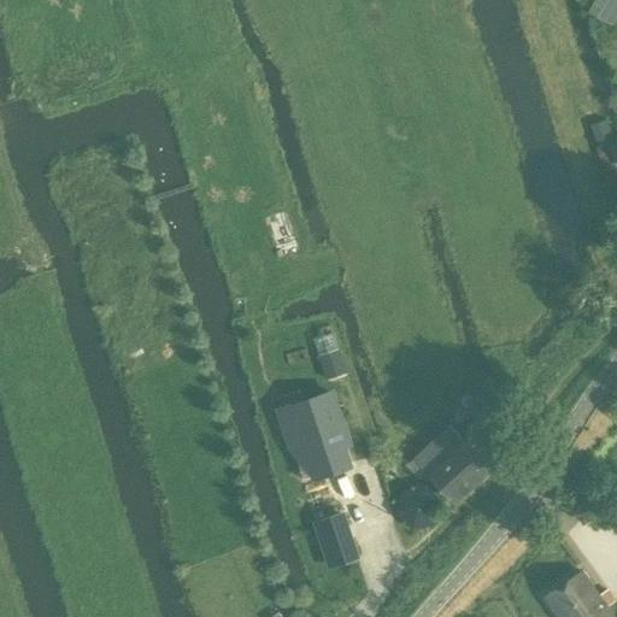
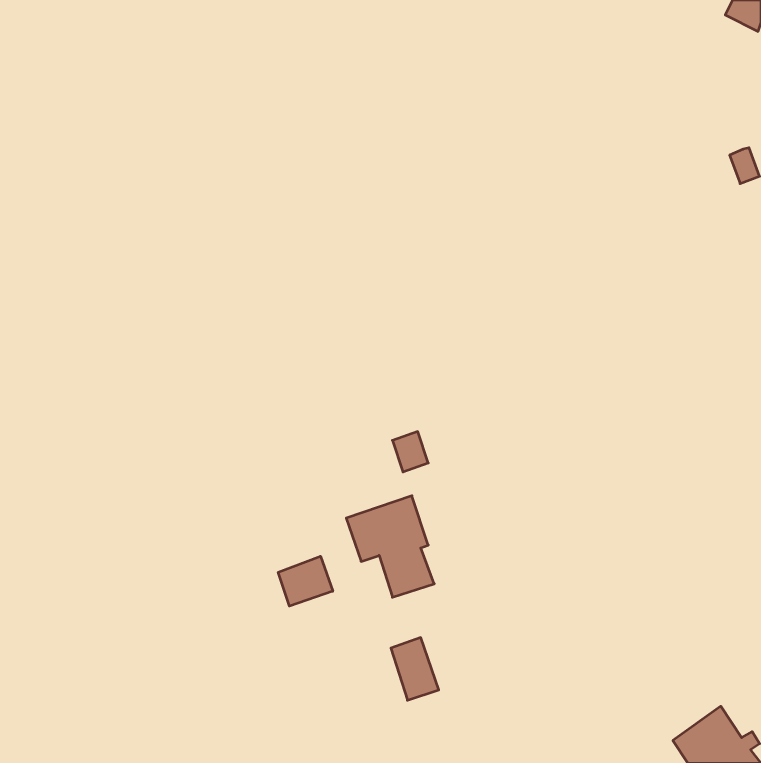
building: [412,424,501,503] -> none
building: none -> [278,556,333,606]

